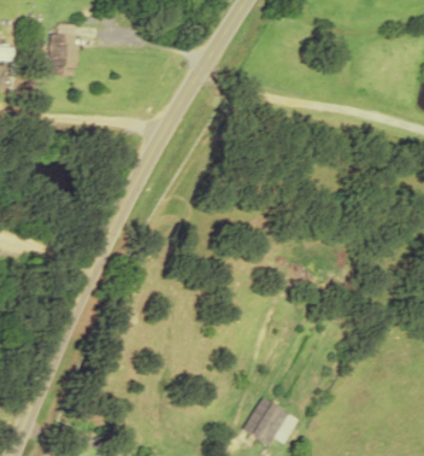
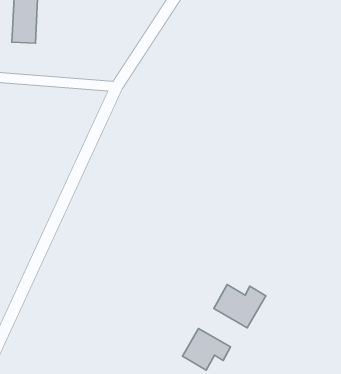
building: none -> [214,285,266,328]

